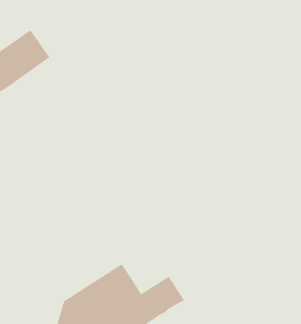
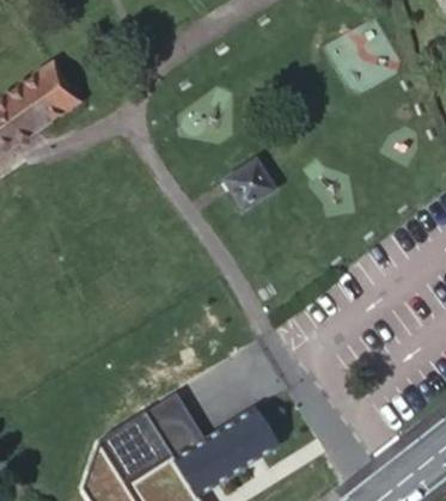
building: none -> [224,158,271,206]

